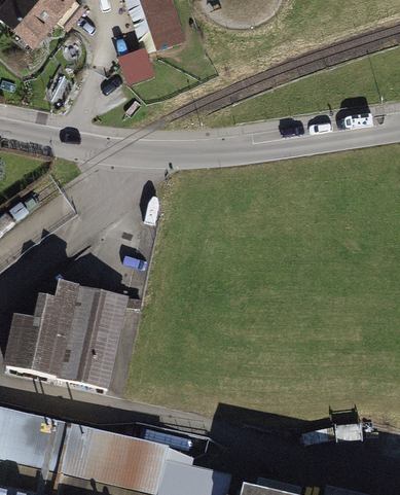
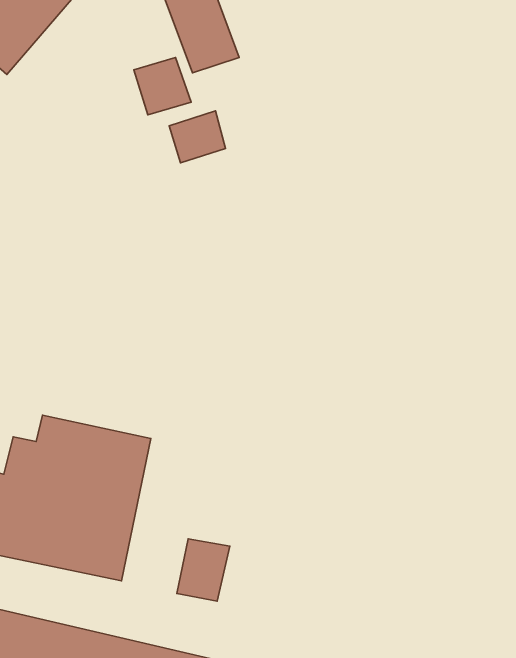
building: none -> [169,111,225,163]
building: none -> [177,539,230,601]

